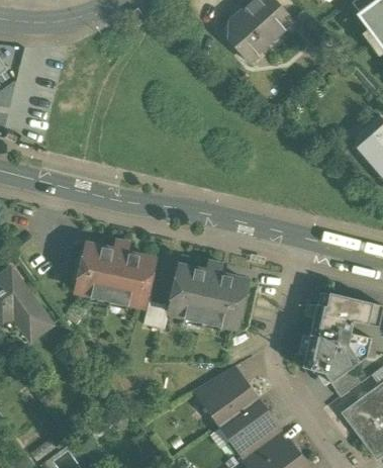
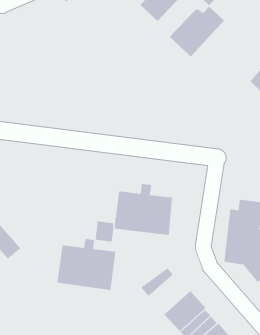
building: none -> [169,6,225,57]
building: [77,239,155,306] -> [57,238,116,290]
building: [203,375,257,425] -> none

